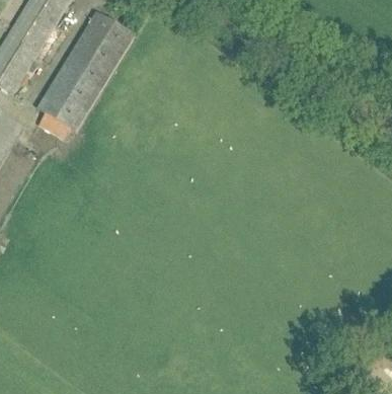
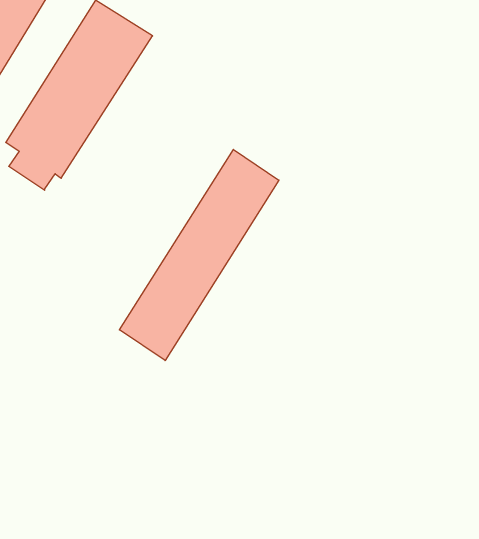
building: none -> [119,149,279,361]

